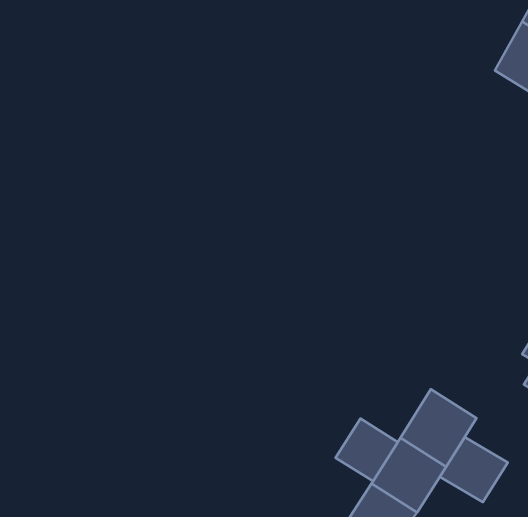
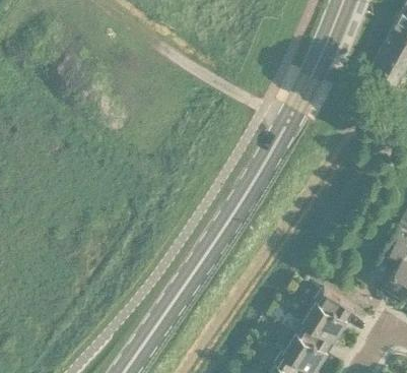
building: [336,419,398,481] -> none
building: [440,437,508,502] -> none

